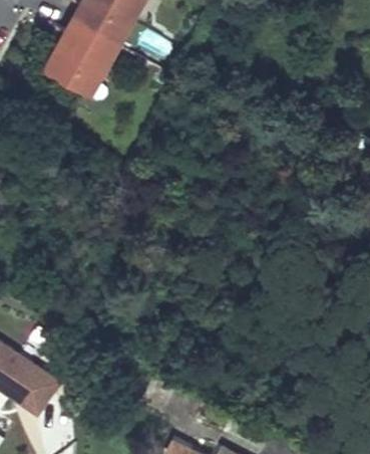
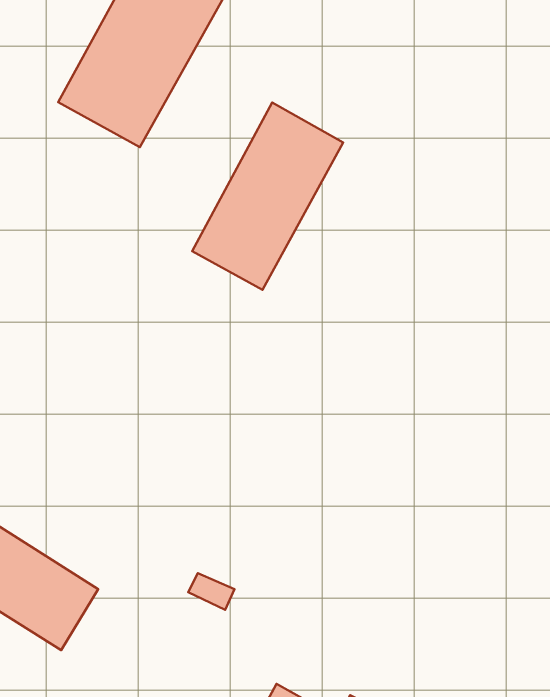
building: none -> [192,103,343,290]

